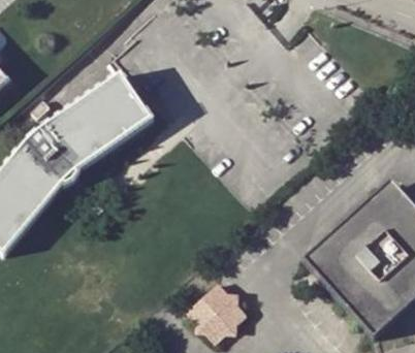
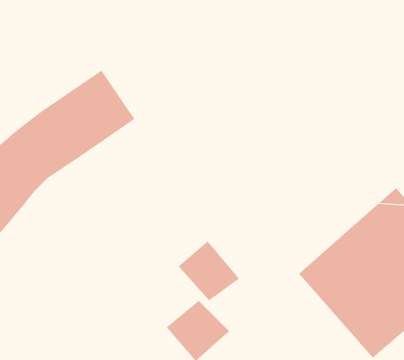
building: none -> [178,241,240,301]

